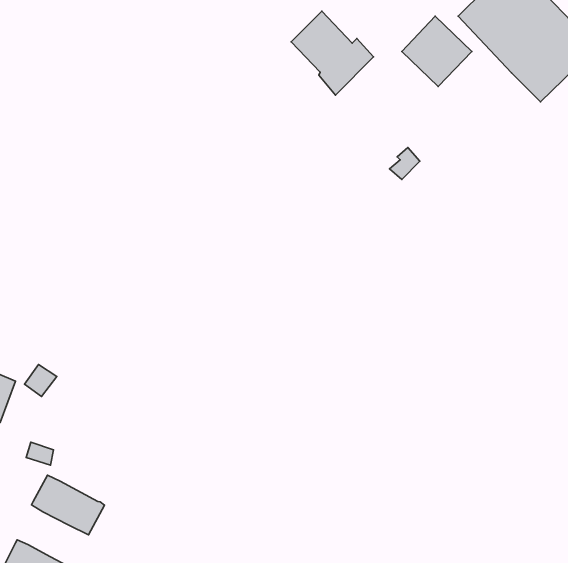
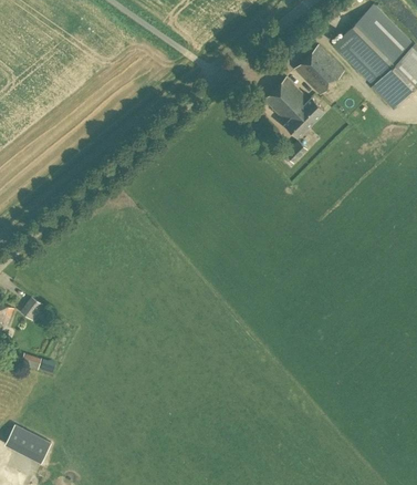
building: [291,11,374,95] -> [263,78,323,138]
building: [31,475,105,535] -> none

